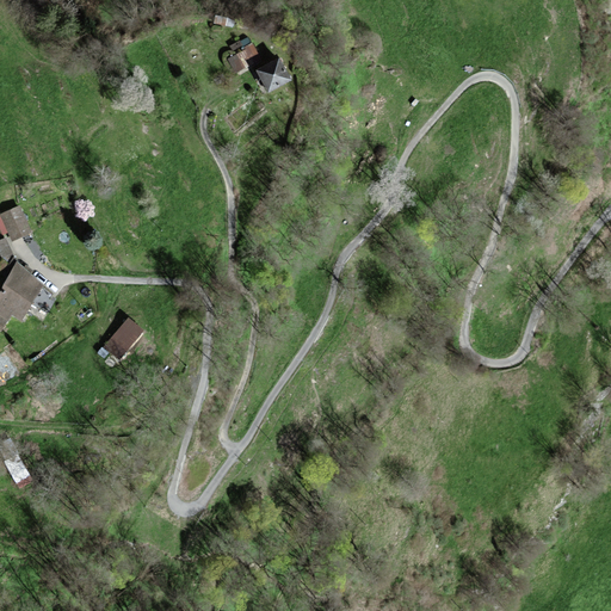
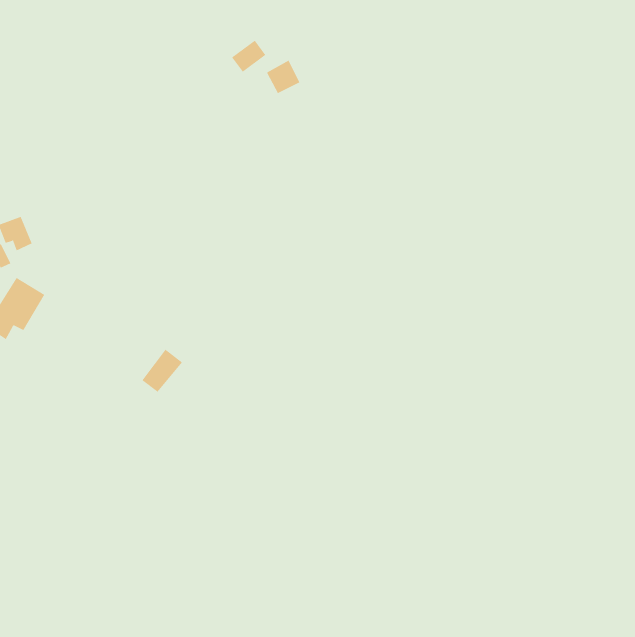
building: [101,319,141,360] -> [142,349,183,393]

